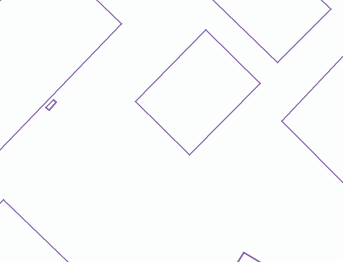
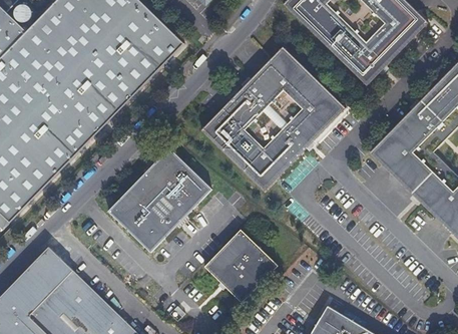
building: none -> [105,147,209,252]
building: none -> [202,230,277,303]

